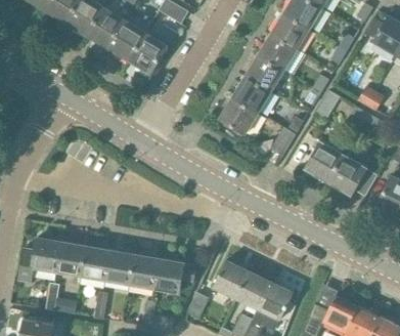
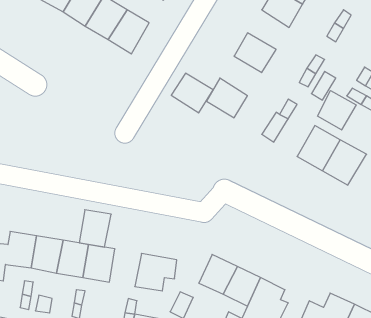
building: [258,33,297,70] -> none
building: [232,76,271,113] -> [171,73,213,113]
building: none -> [318,91,356,130]
building: [130,255,160,290] -> [79,210,111,247]

